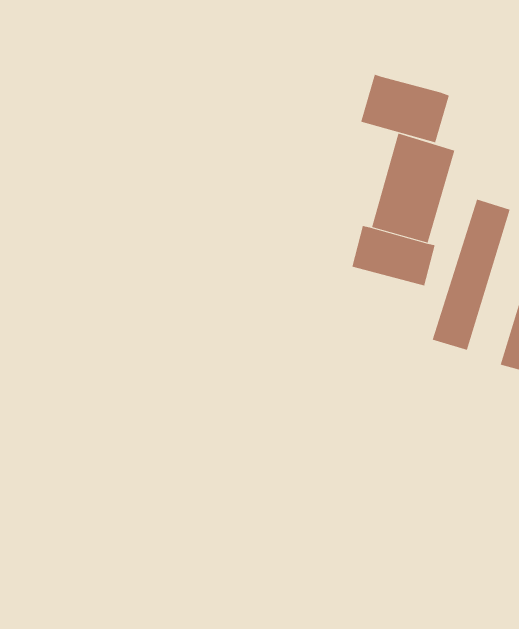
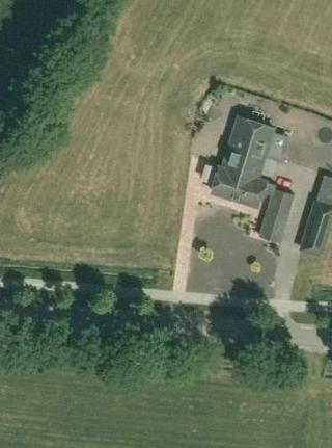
building: [360,74,449,143] -> none

